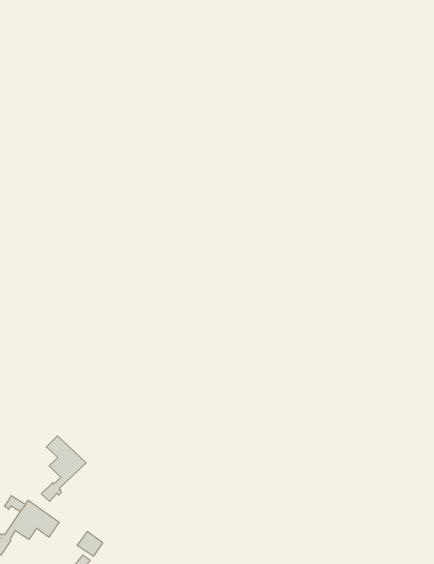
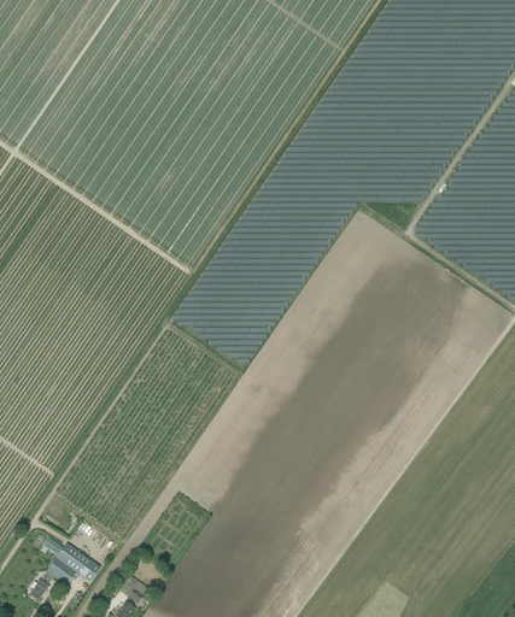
building: [41,436,86,501] -> none

